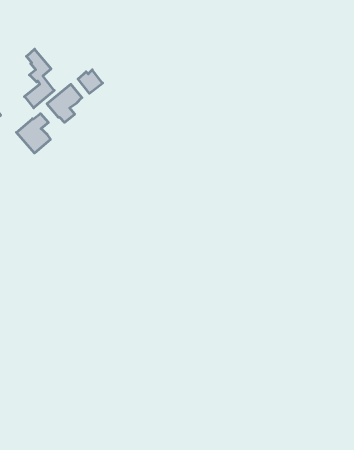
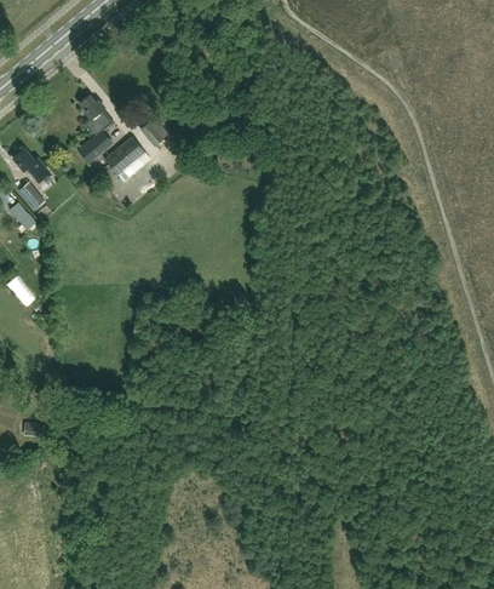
building: [16,114,50,153] -> none

